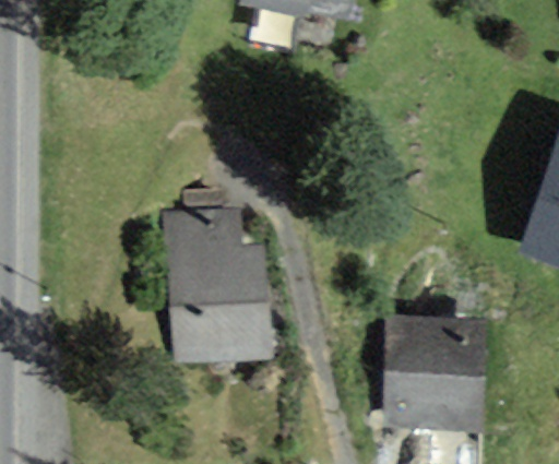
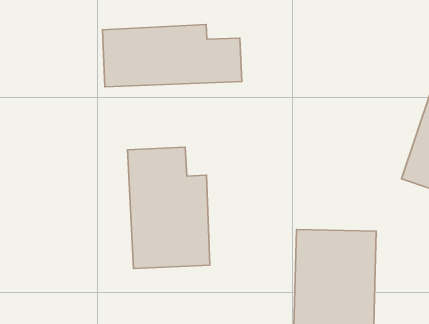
building: none -> [102,25,242,87]

